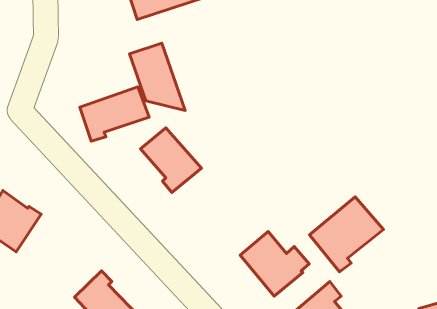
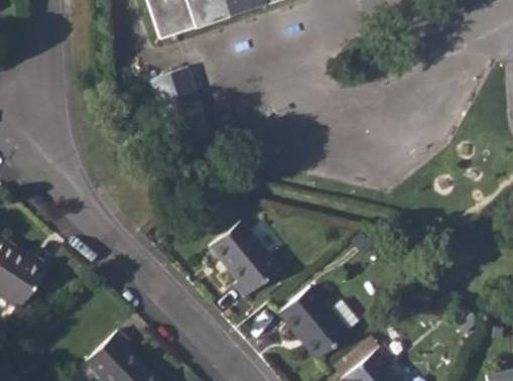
building: [80,87,149,141] -> none
building: [141,128,202,193] -> [210,221,280,295]
building: [309,197,383,272] -> none

